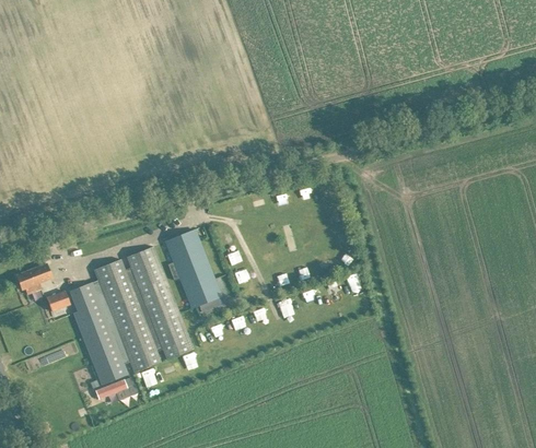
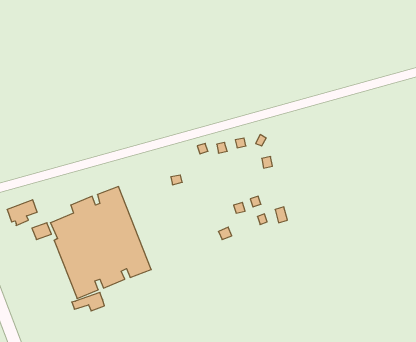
building: [165,231,221,315] -> none

